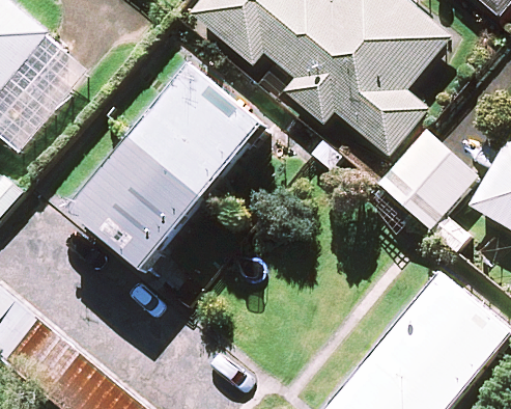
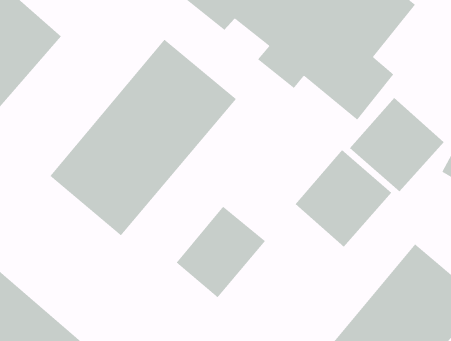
building: none -> [295,149,392,248]
building: none -> [176,206,266,298]

